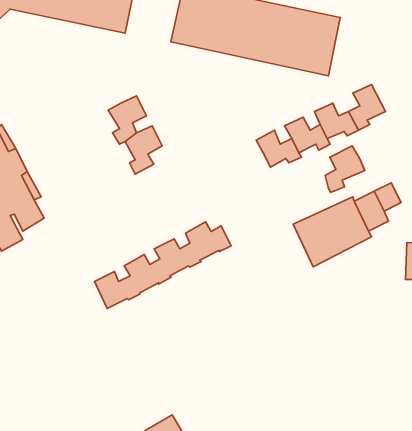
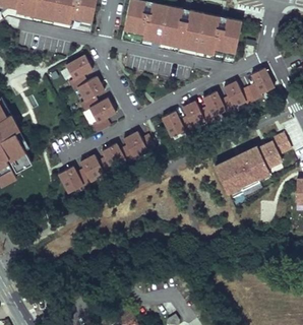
building: none -> [67,54,94,87]
building: none -> [164,110,196,135]
building: [325,146,365,193] -> none
building: [94,222,231,308] -> [60,130,158,192]

